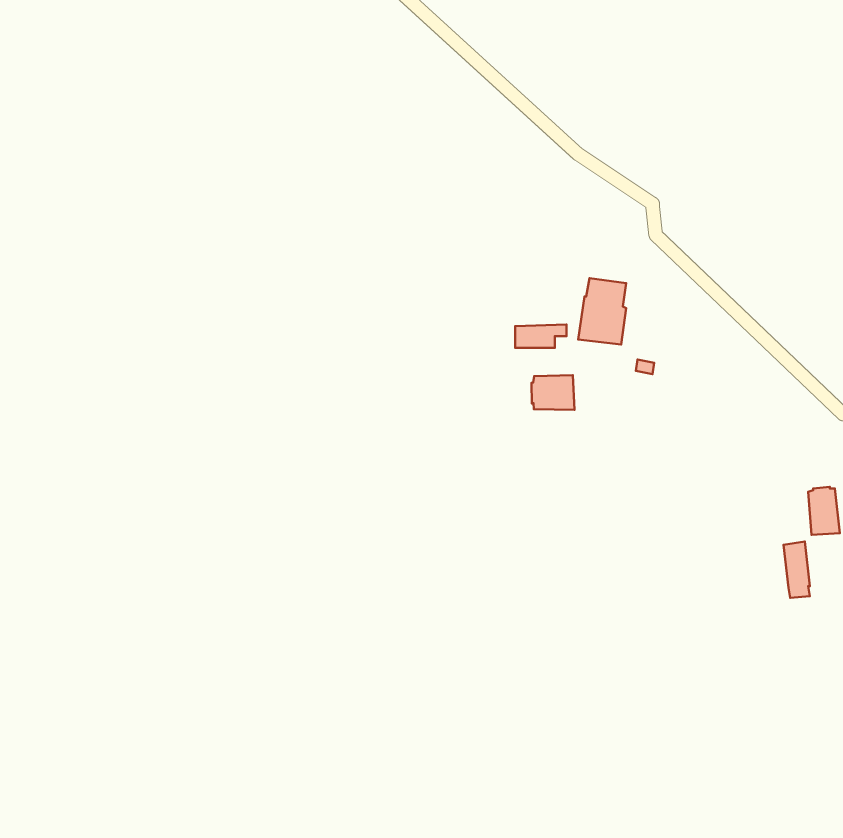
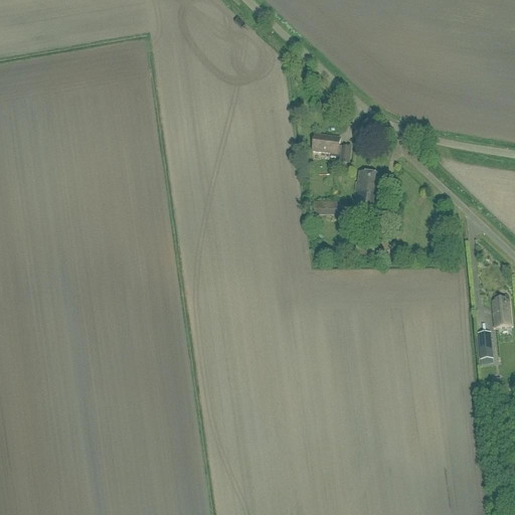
building: none -> [311,132,349,161]
building: [532,375,575,410] -> none

